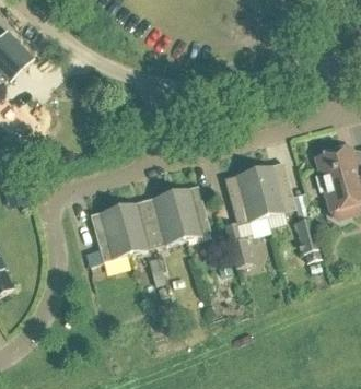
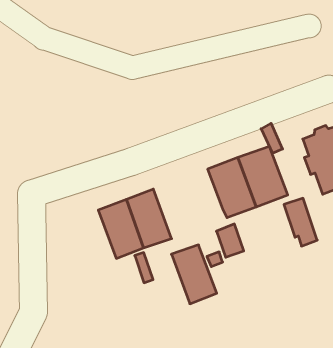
building: [170,187,209,241] -> [171,245,217,304]
building: [88,209,129,263] -> none

